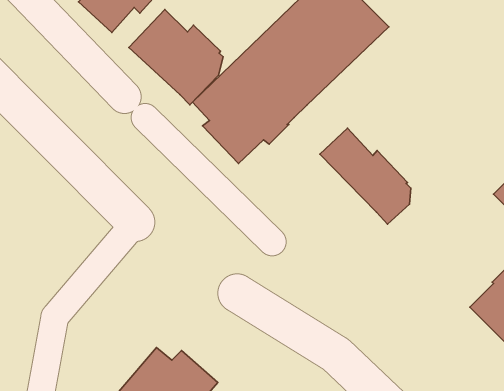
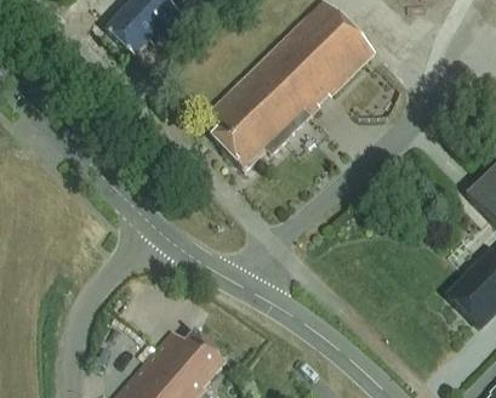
building: [129,9,223,105] -> none
building: [320,128,411,224] -> none

